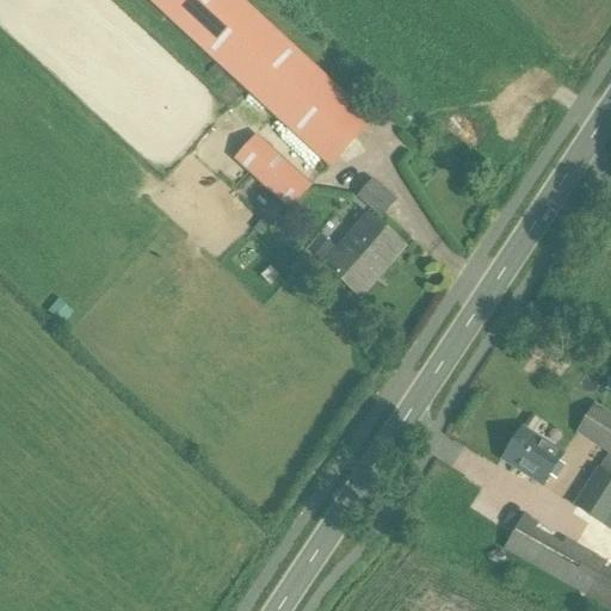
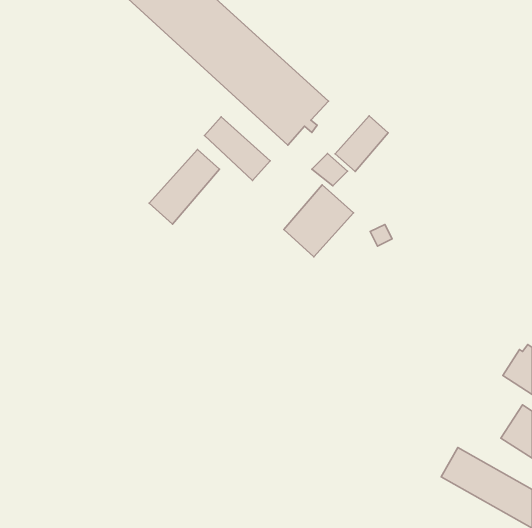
building: none -> [335,116,388,172]
building: none -> [149,149,219,224]
building: [502,425,563,482] -> none

